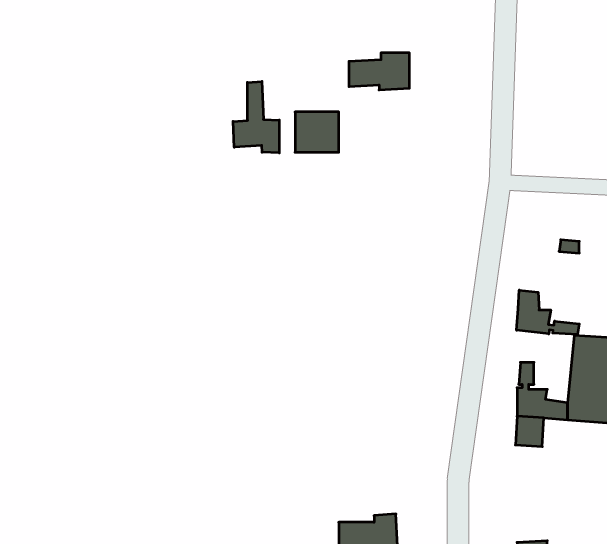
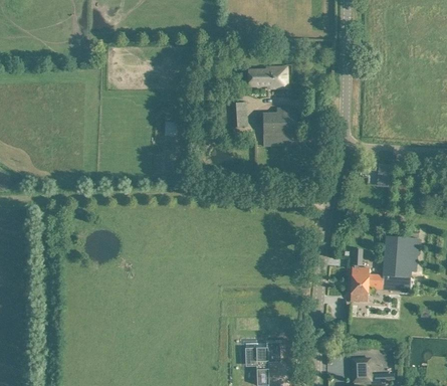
building: [233,81,279,153] -> none
building: none -> [263,108,297,146]
building: [517,290,579,335] -> none

